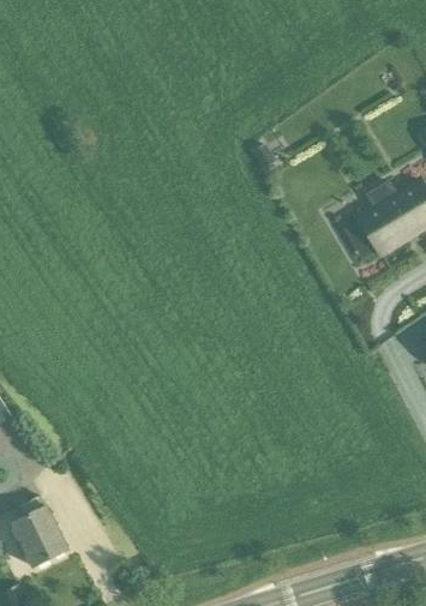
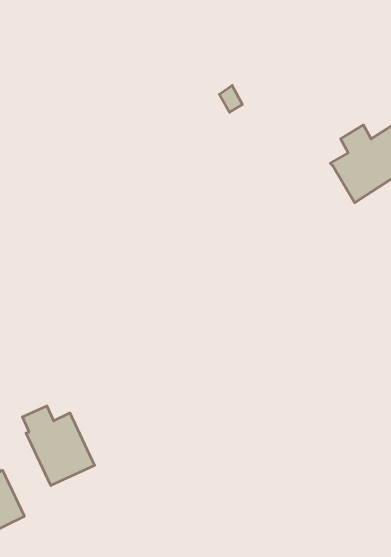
building: none -> [22,406,95,486]

